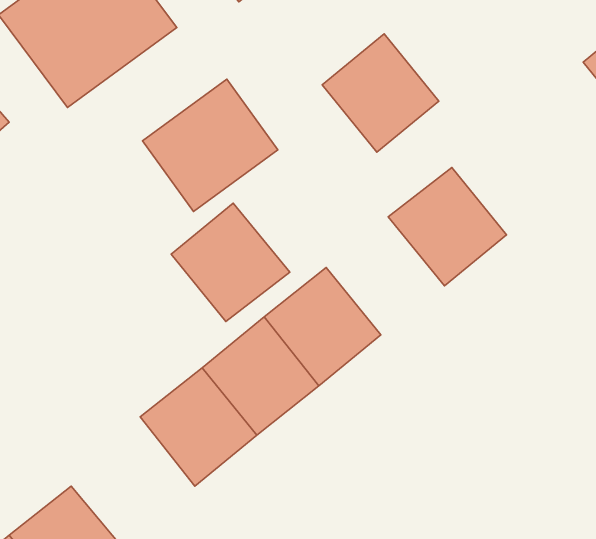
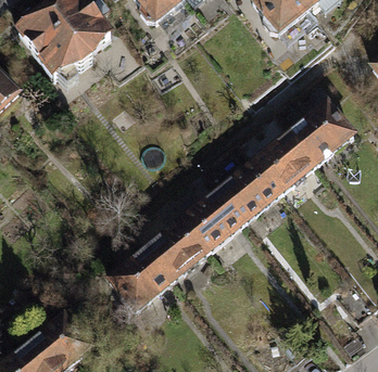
building: [322,34,439,152] -> [288,95,357,166]
building: [143,79,278,212] -> none
building: [171,203,290,321] -> [213,155,284,226]

